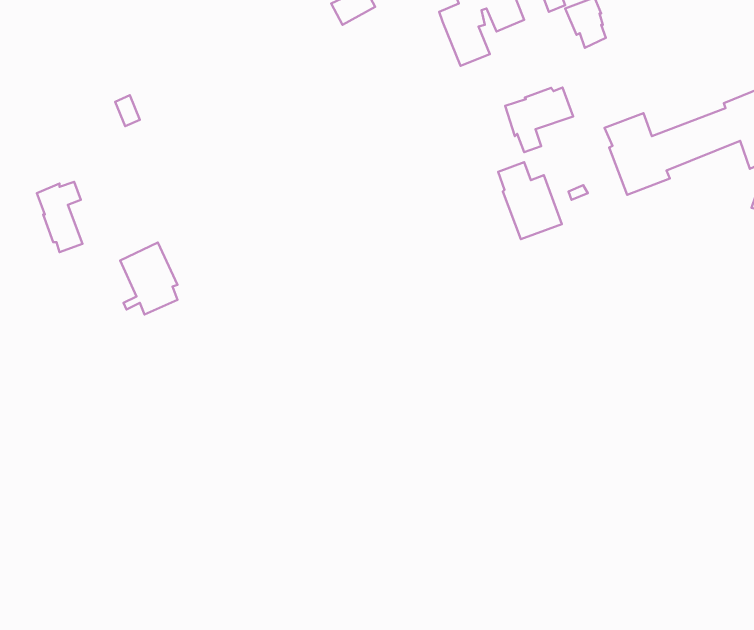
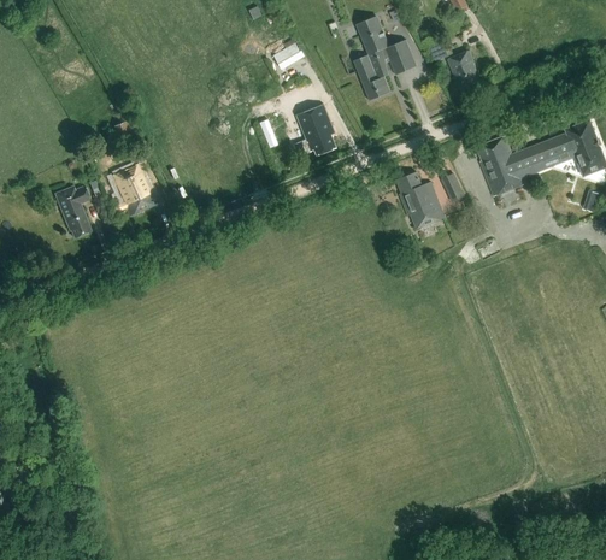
building: none -> [294,105,335,154]
building: [505,87,573,152] -> none
building: [120,242,177,314] -> [110,163,152,216]

